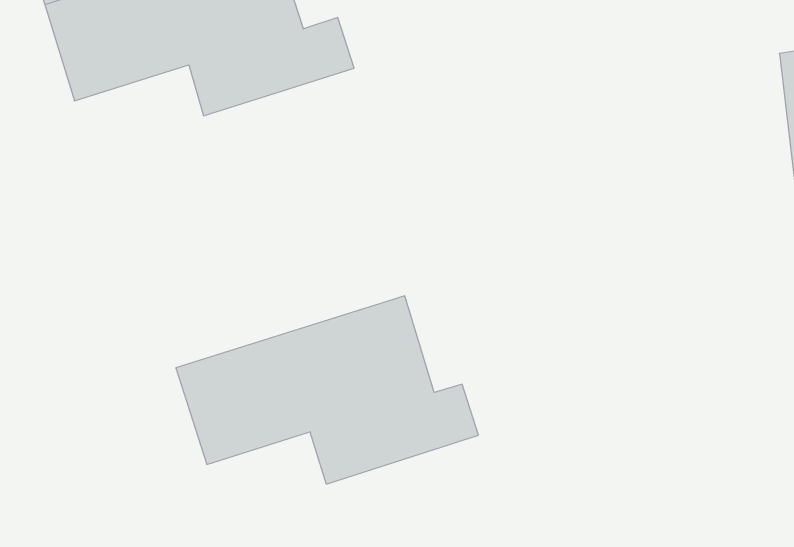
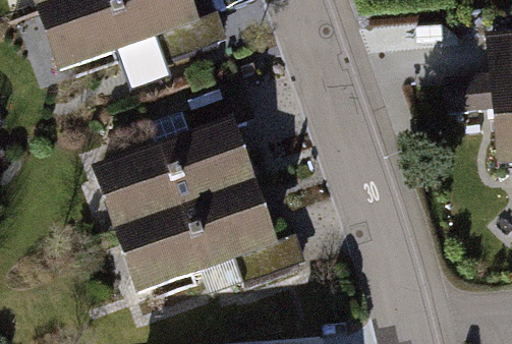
building: none -> [98,90,260,230]

